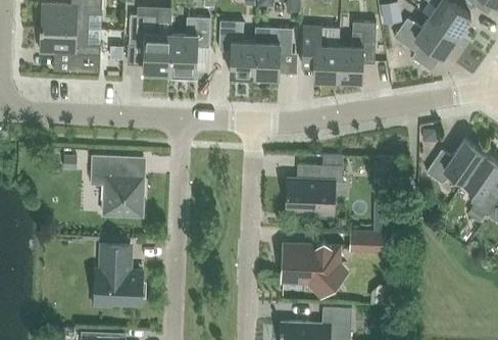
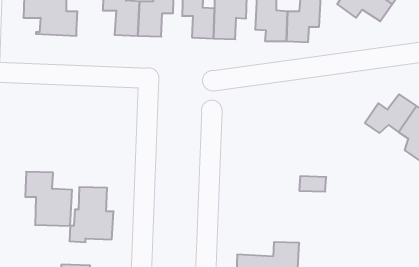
building: [91,154,144,215] -> [25,172,72,226]
building: [286,163,342,217] -> none
building: [283,241,344,297] -> none

